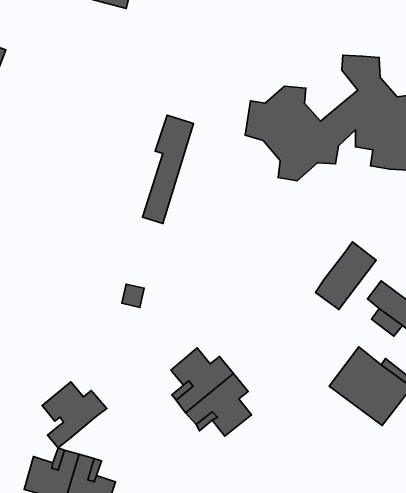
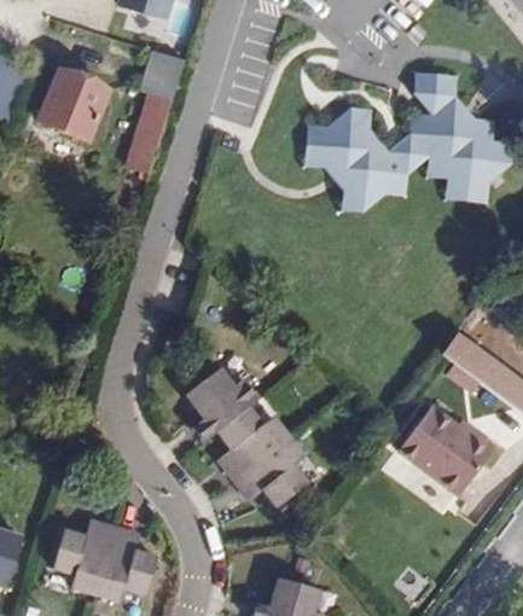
building: none -> [36,69,110,141]
building: [143,115,194,224] -> [126,50,184,173]
building: [315,242,376,310] -> none
building: [42,382,107,448] -> [186,367,260,442]

